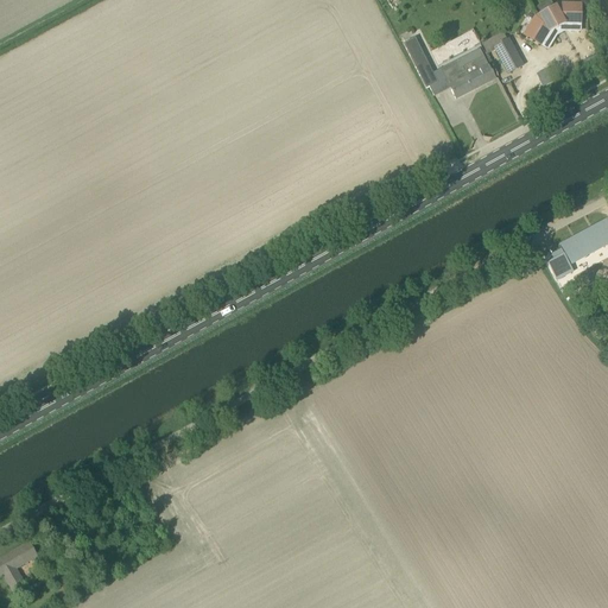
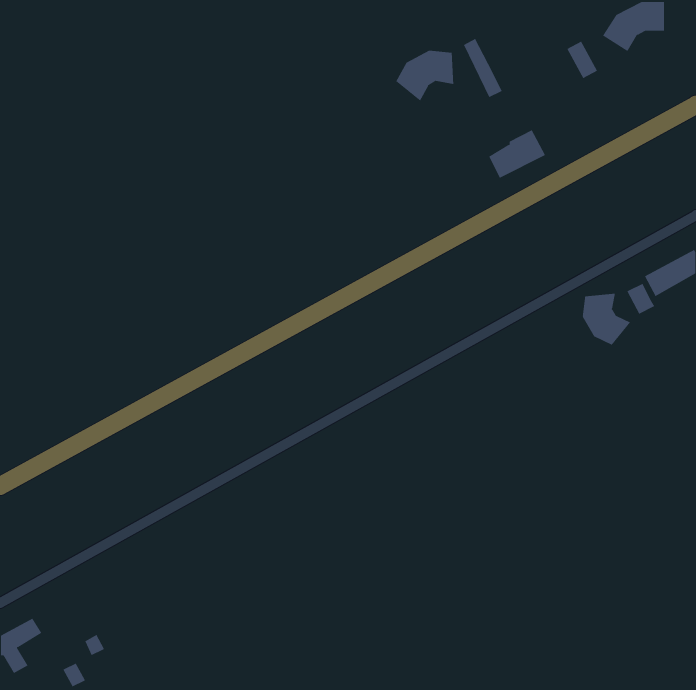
building: none -> [395,50,454,102]
building: [445,52,495,95] -> [488,129,546,178]
building: none -> [582,293,631,345]

